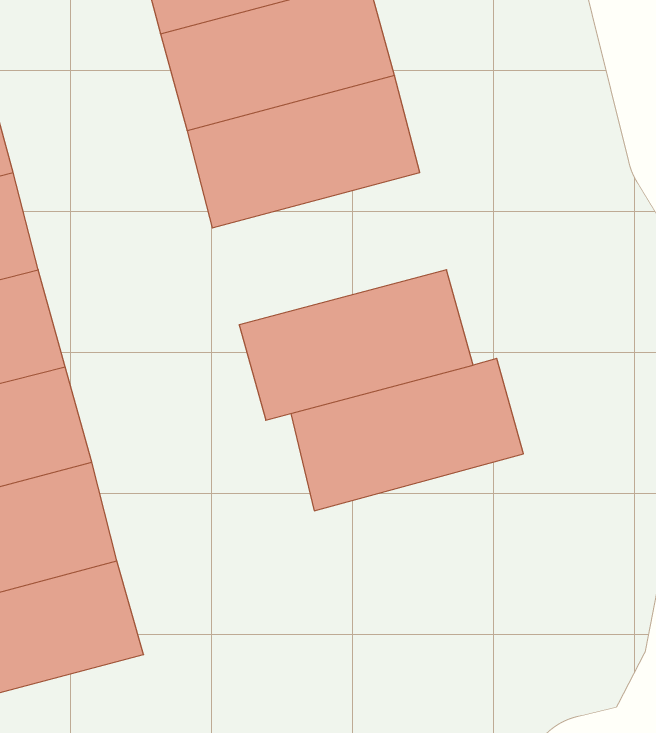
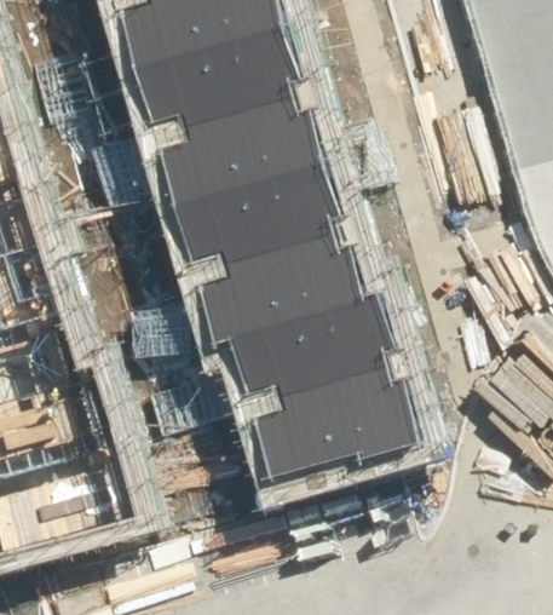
building: none -> [175,171,345,281]
building: none -> [249,374,420,487]

